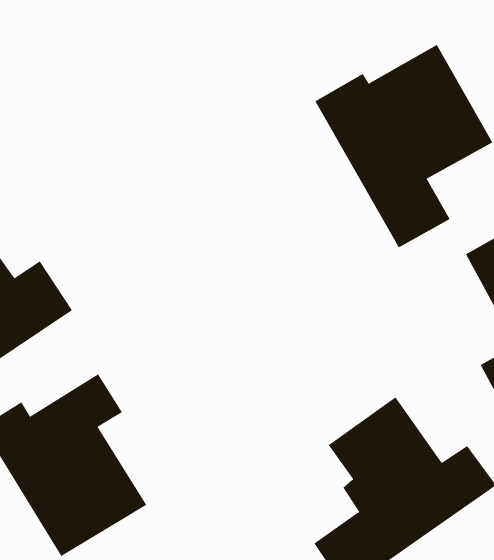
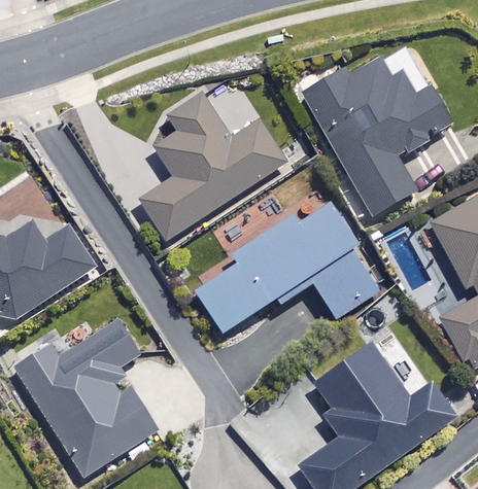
building: none -> [141,94,285,239]
building: none -> [196,195,379,331]

